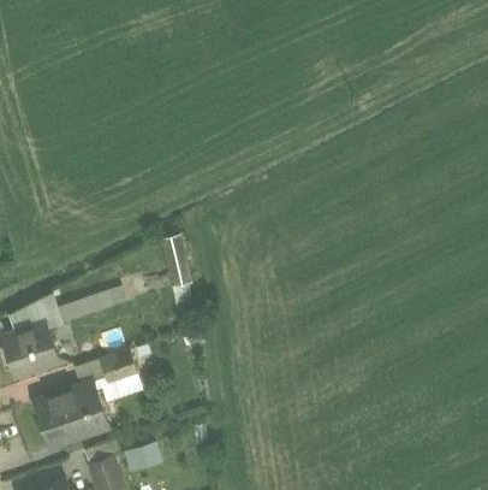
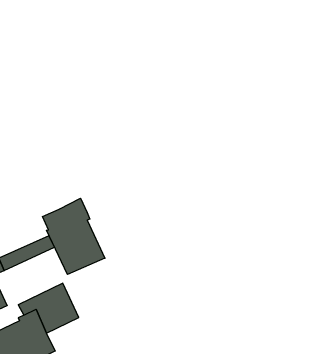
building: none -> [43,198,105,274]

